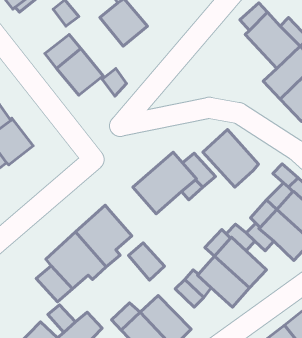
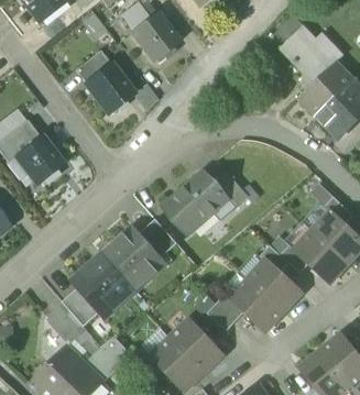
building: [203,130,258,187] -> none
building: [128,243,164,280] -> [141,219,178,257]
building: none -> [48,301,88,342]

